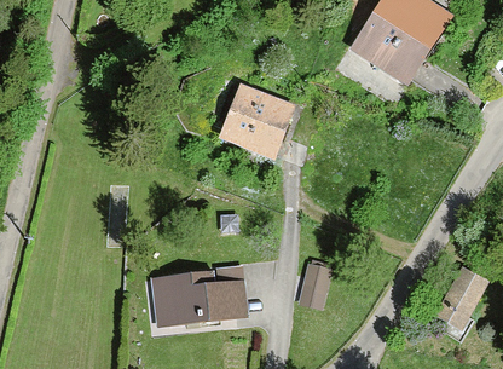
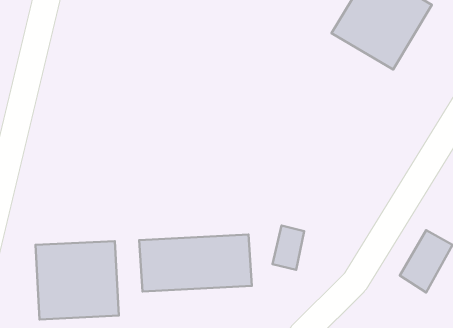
building: [213,87,296,166] -> none
building: none -> [36,241,119,319]

